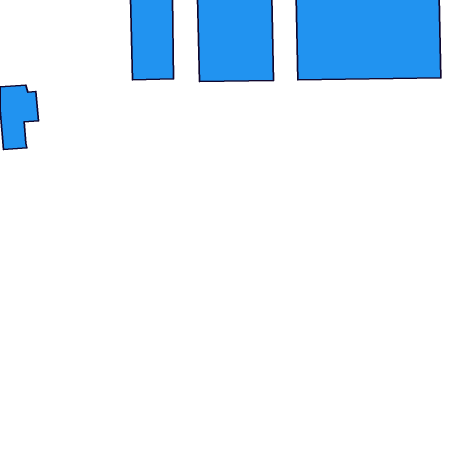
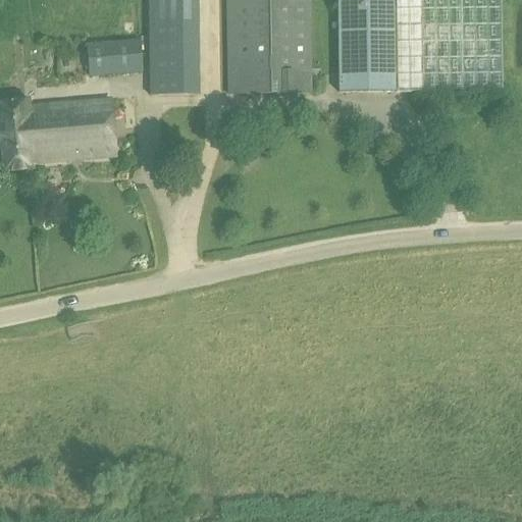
building: none -> [86,37,141,74]
building: none -> [28,98,116,163]

